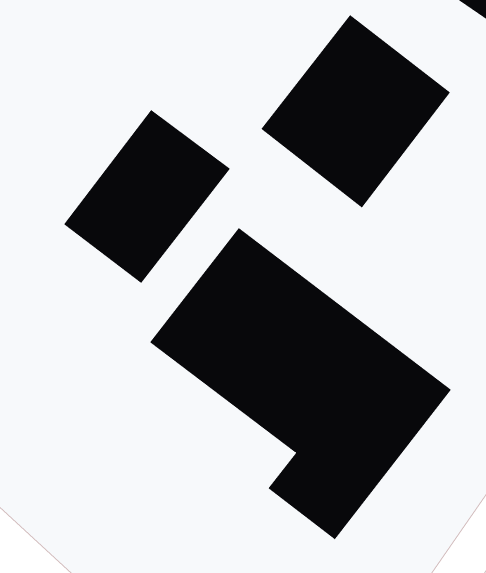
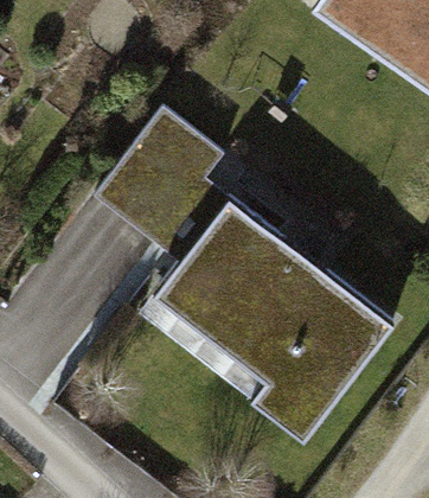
building: [260,14,451,209] -> none

